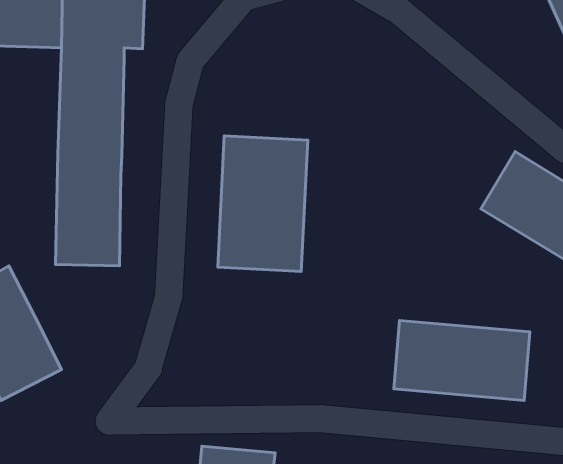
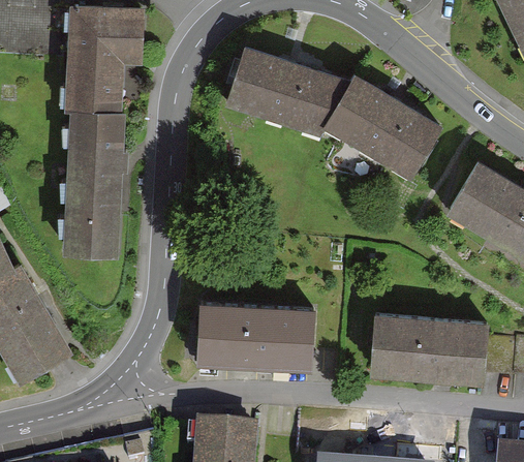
building: none -> [229,51,435,179]
building: [218,136,308,271] -> none
building: none -> [195,302,315,370]

